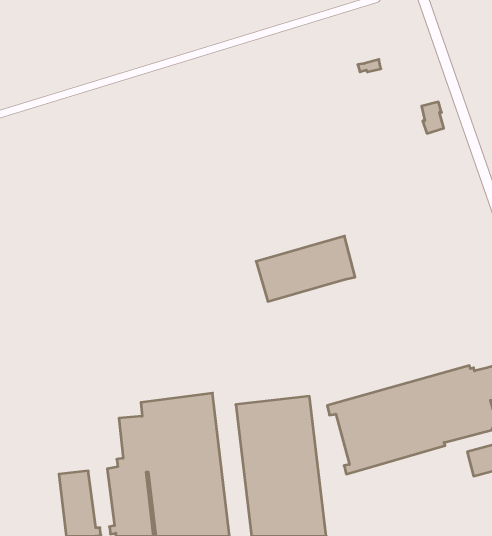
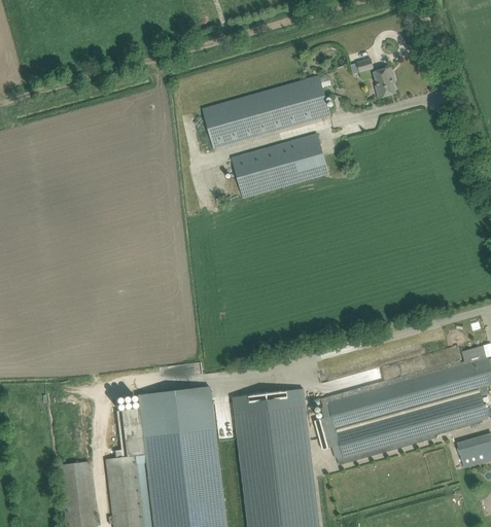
building: none -> [201,75,329,148]
building: [422,102,444,133] -> [374,67,395,98]
building: [256,236,355,301] -> [231,133,327,197]

